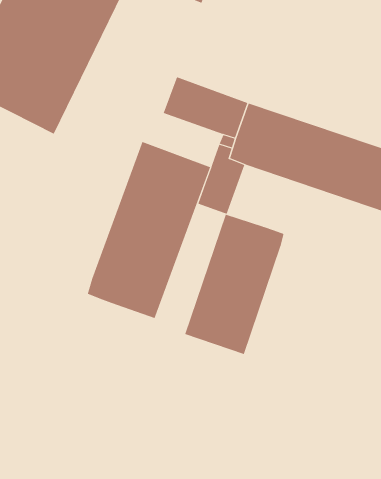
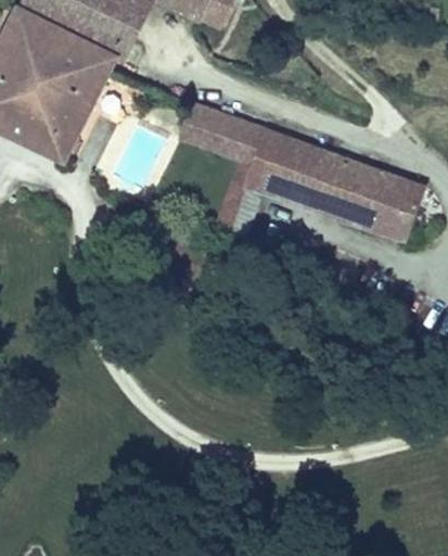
building: [87,141,211,319] -> none
building: [185,214,284,355] -> none

